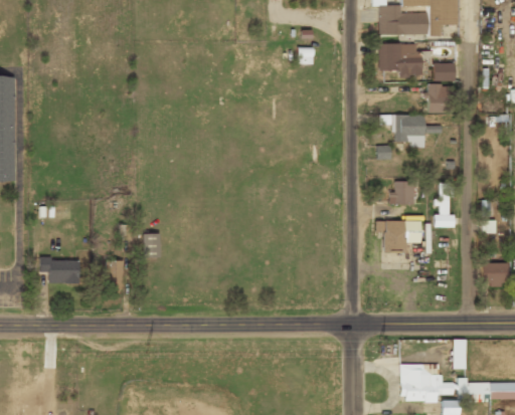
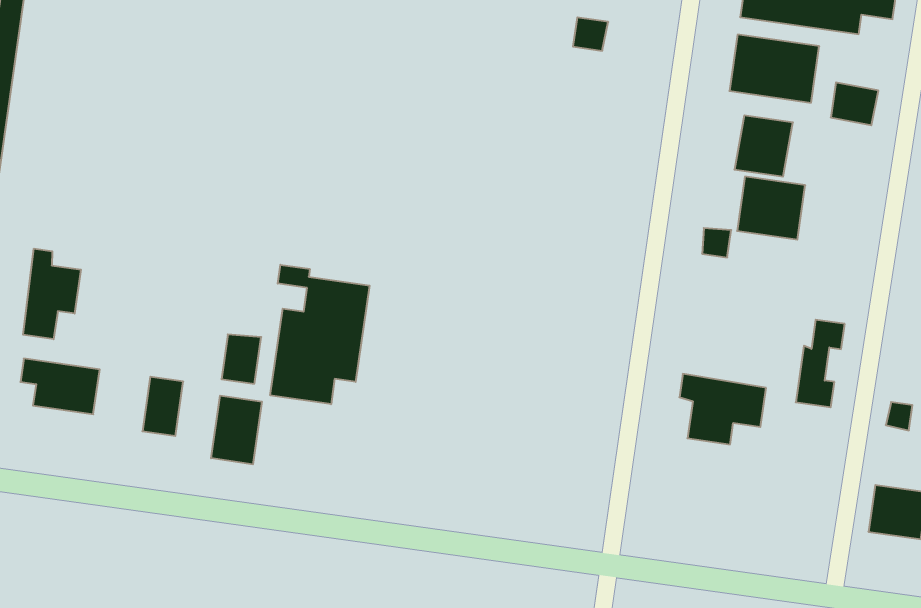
building: [427,83,454,112] -> [734,115,793,177]
building: [391,181,413,204] -> none
building: none -> [270,265,370,404]
building: none -> [23,249,81,339]
building: none -> [211,396,262,464]

